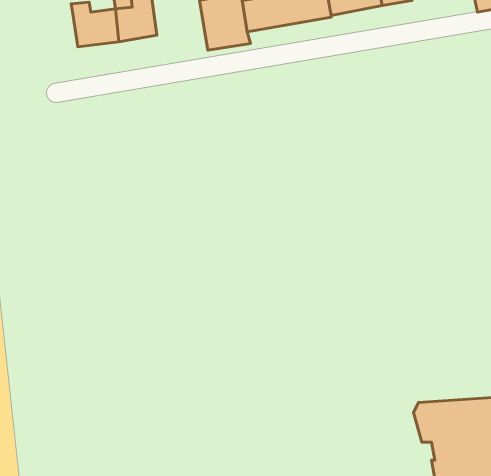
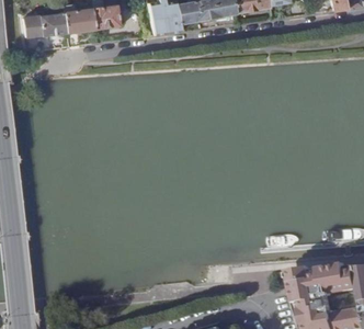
building: none -> [25,11,69,53]

